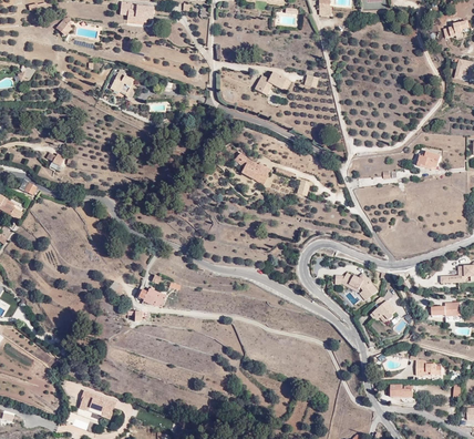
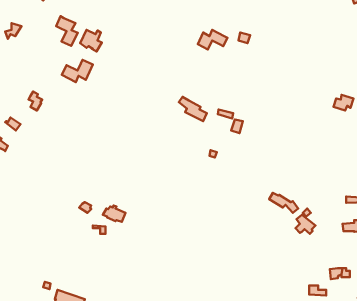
building: none -> [56,16,78,46]
building: none -> [62,60,93,82]

